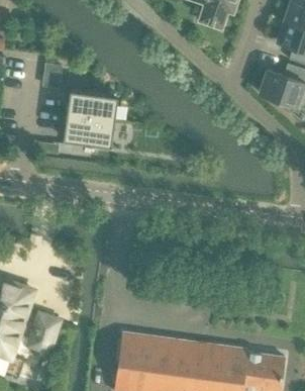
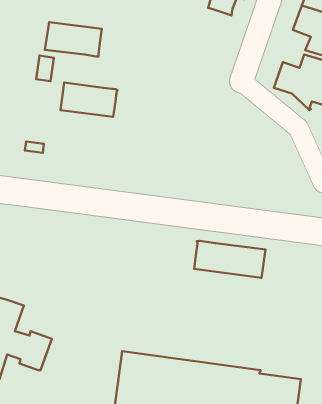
building: [63,114,114,145] -> [45,22,102,57]
building: none -> [194,241,266,278]

